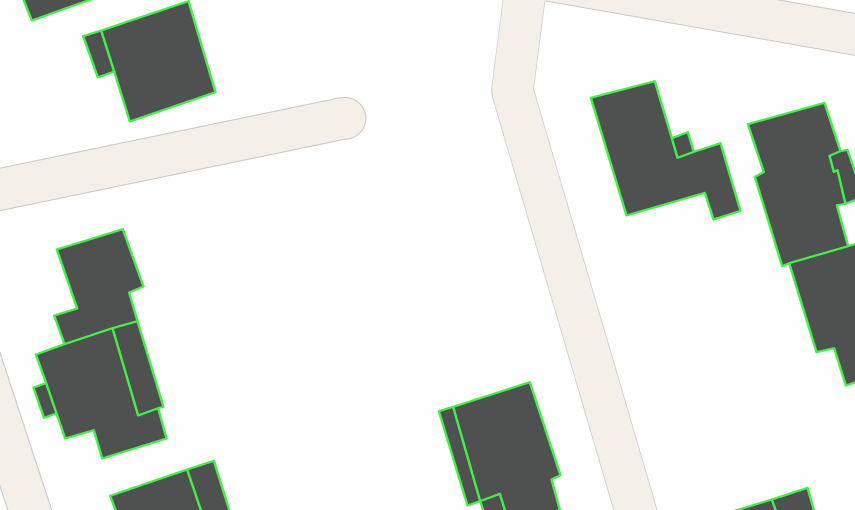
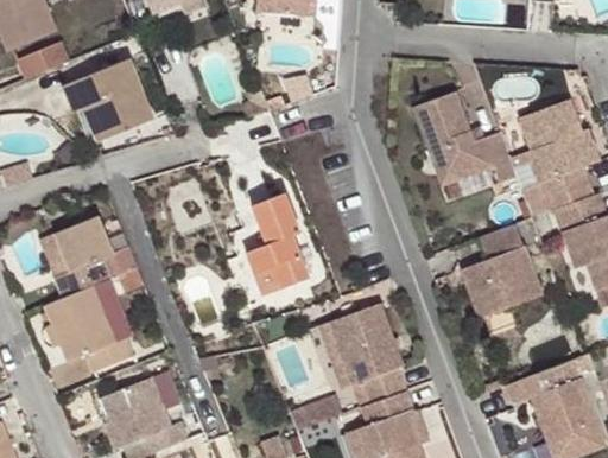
building: none -> [245,193,309,295]
building: none -> [458,223,542,318]

